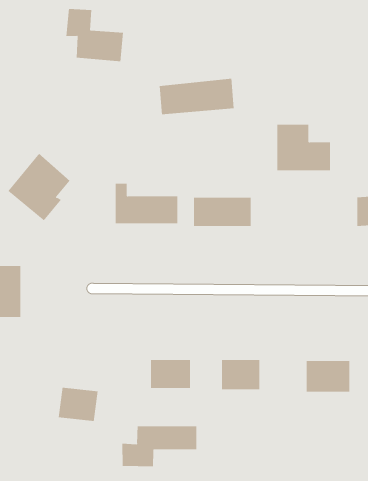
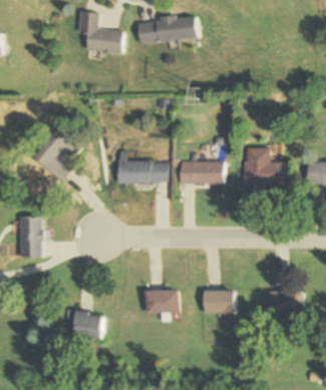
building: [159,78,235,115] -> [139,14,200,43]
building: [276,124,331,171] -> [245,146,288,183]
building: [122,426,197,467] -> none

